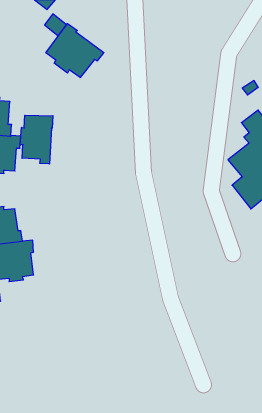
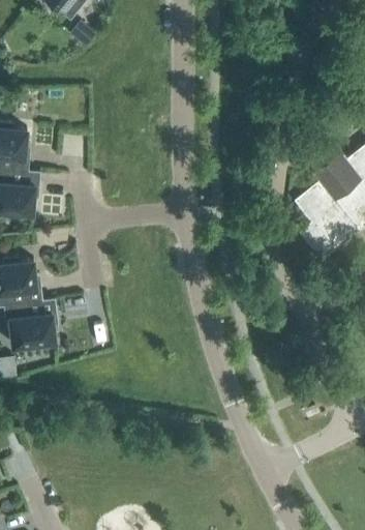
building: [46,24,104,78] -> none
building: [20,115,53,164] -> none

